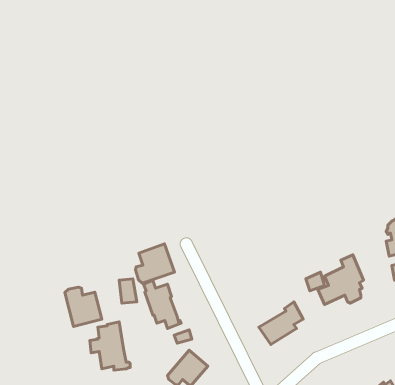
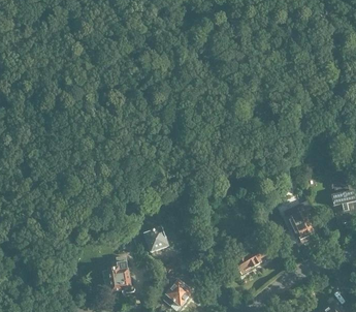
building: [135,244,175,283] -> none
building: [65,287,102,327] -> none

